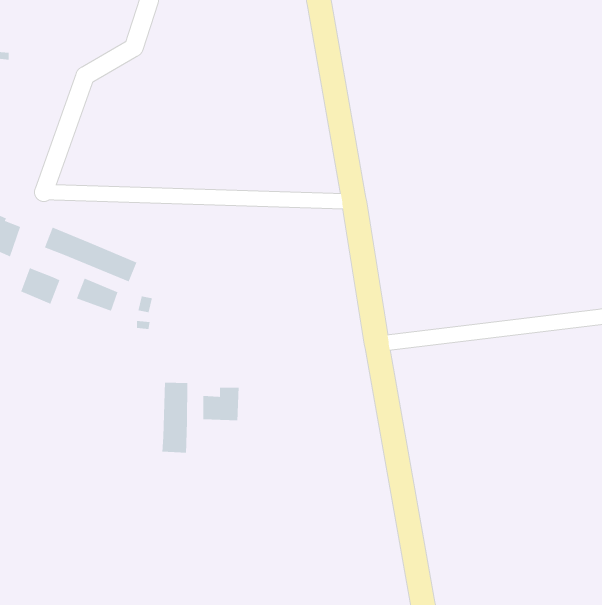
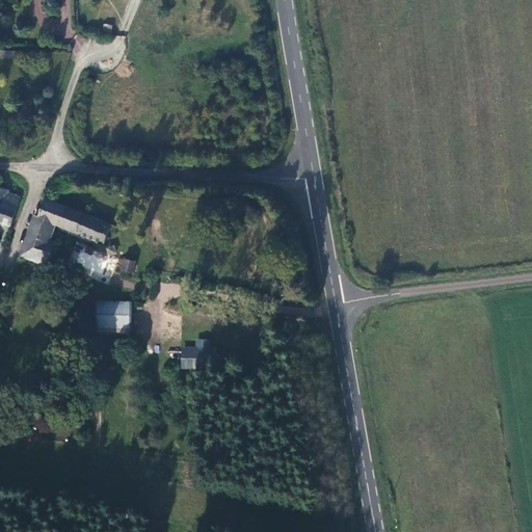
building: none -> [28,217,55,243]
building: none -> [92,302,126,328]
building: [161,382,188,453] -> none

